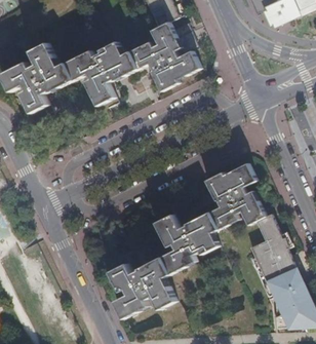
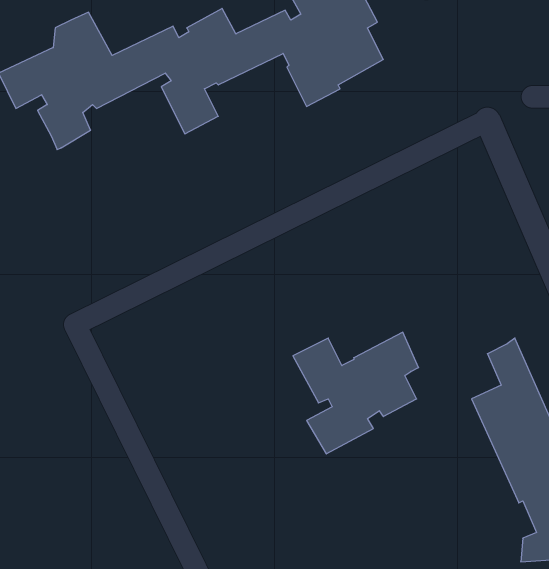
building: [204,161,266,227] -> none
building: [109,255,176,318] -> none

